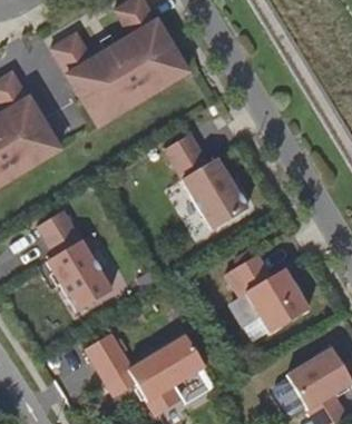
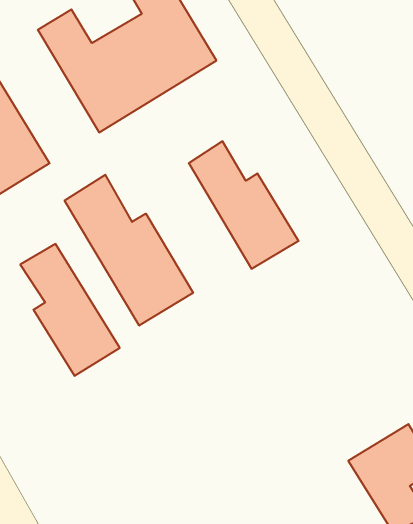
building: none -> [65,175,193,326]
building: [233,253,309,332] -> none
building: [85,332,205,414] -> none

